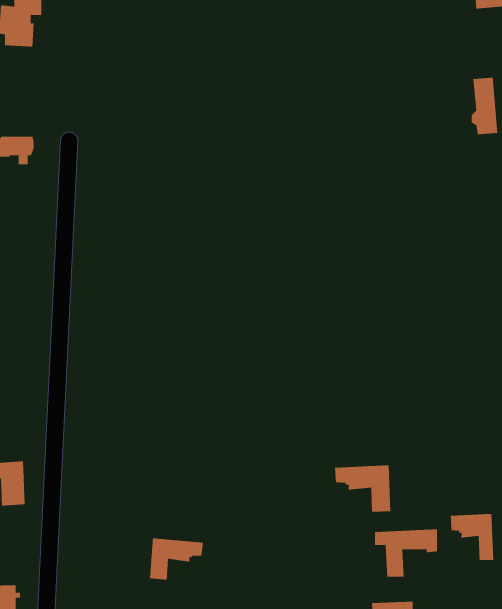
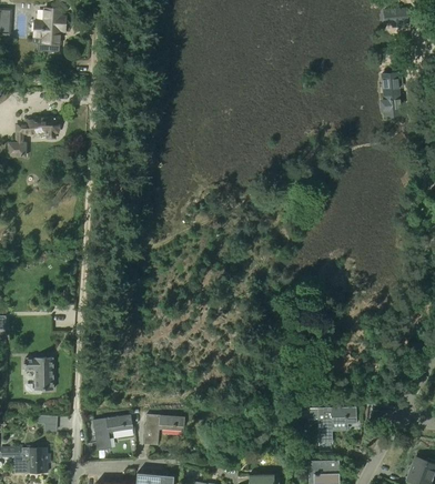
building: [334,465,391,513] -> none
building: [450,513,494,561] -> none
building: none -> [93,414,132,448]

